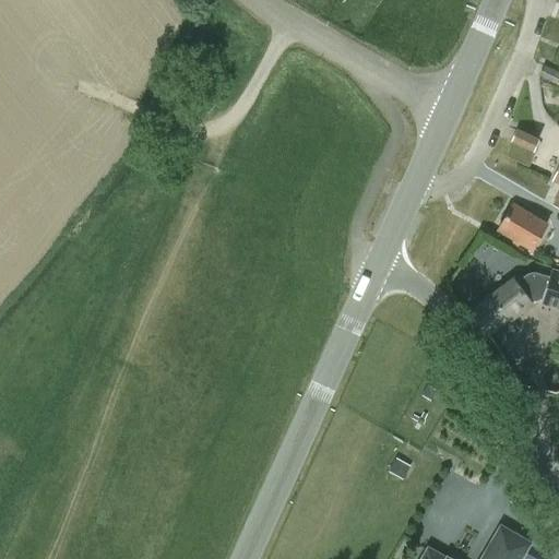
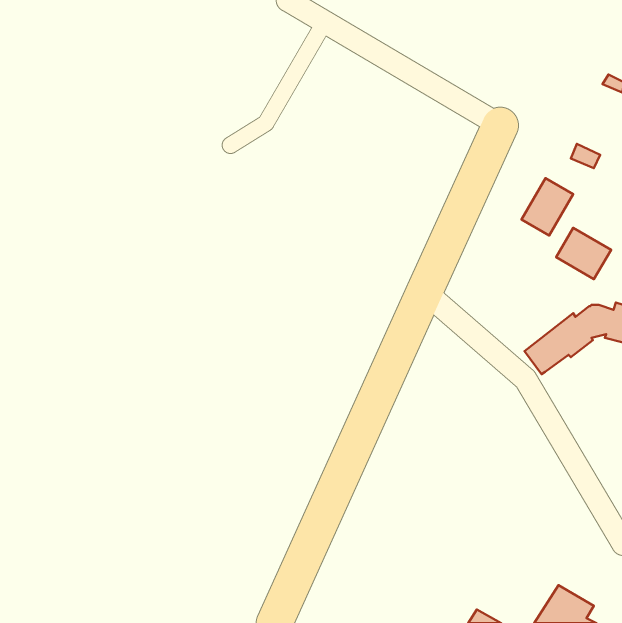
building: none -> [522,178,573,235]

